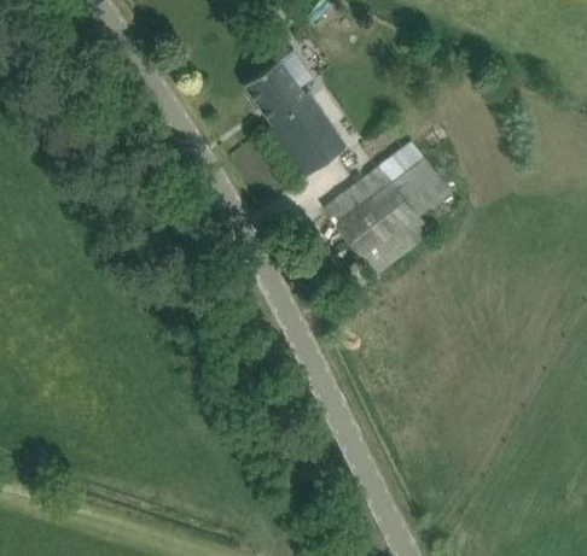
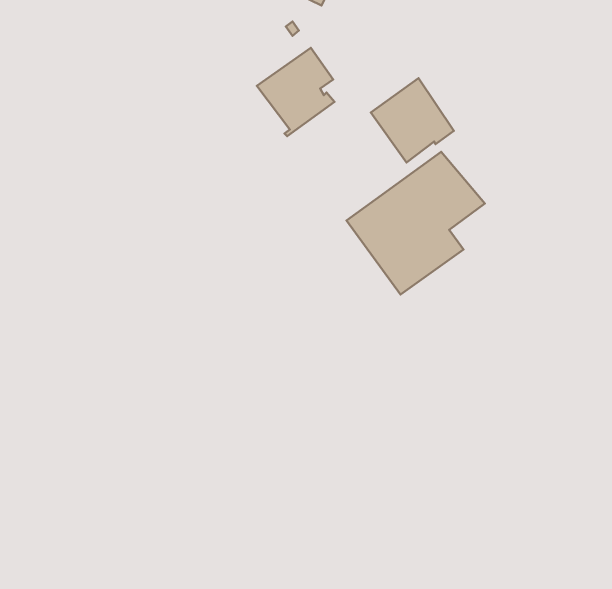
building: [269,99,345,176] -> [371,78,454,163]

